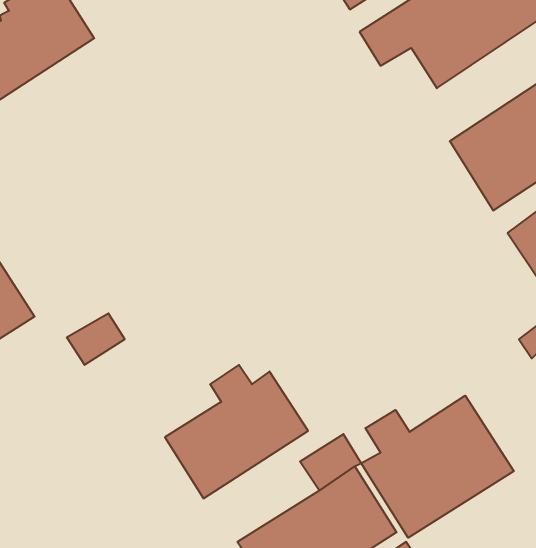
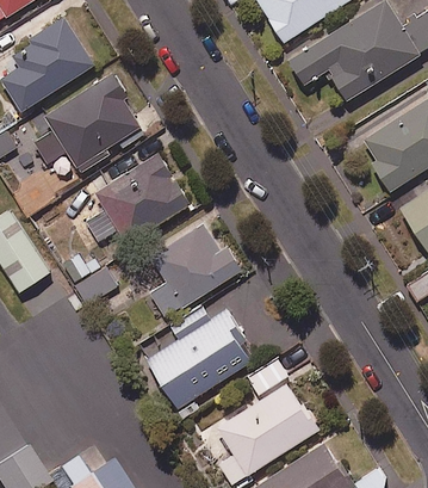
building: none -> [43,69,143,169]
building: none -> [87,154,191,242]
building: none -> [150,221,243,317]
building: [361,396,514,538] -> none

